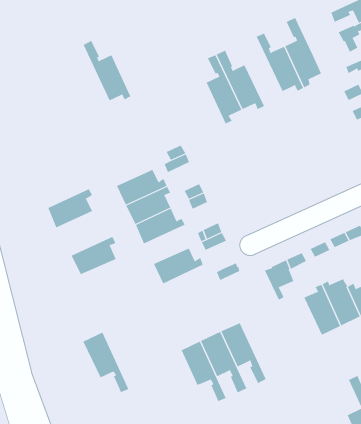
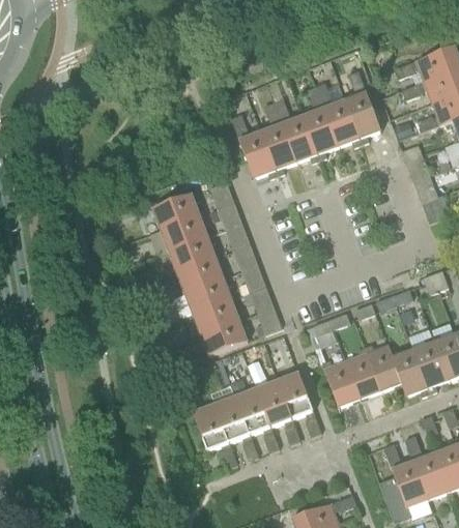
building: none -> [302,86,338,158]
building: [83,40,131,101] -> [231,113,277,177]
building: [47,188,93,228] -> [152,190,200,229]
building: [71,236,117,275] -> [183,274,231,312]
building: none -> [200,317,247,354]
building: none -> [321,358,360,406]
building: none -> [277,371,321,439]
building: [82,332,129,393] -> [192,403,236,467]

